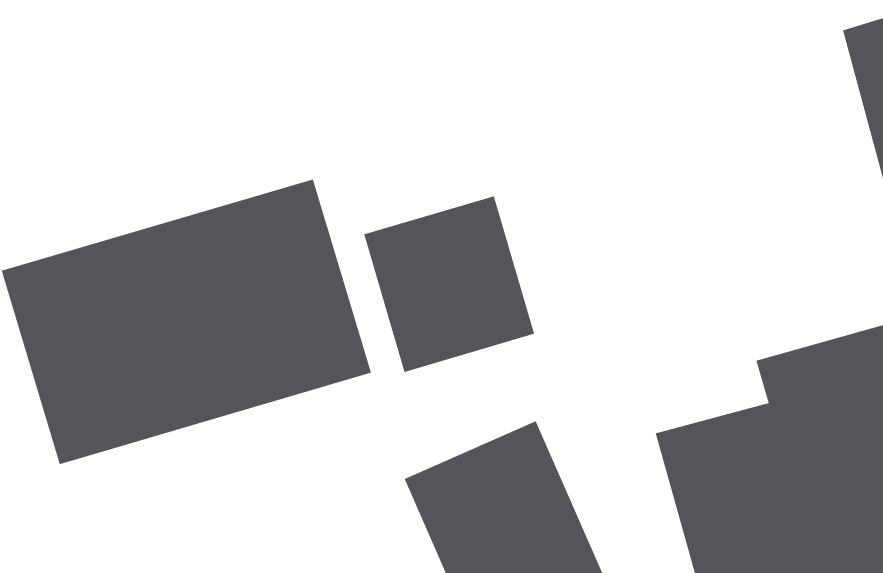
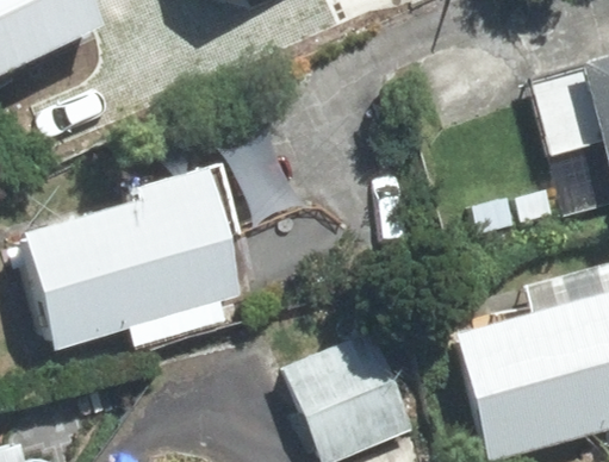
building: [364,196,535,373] -> none

